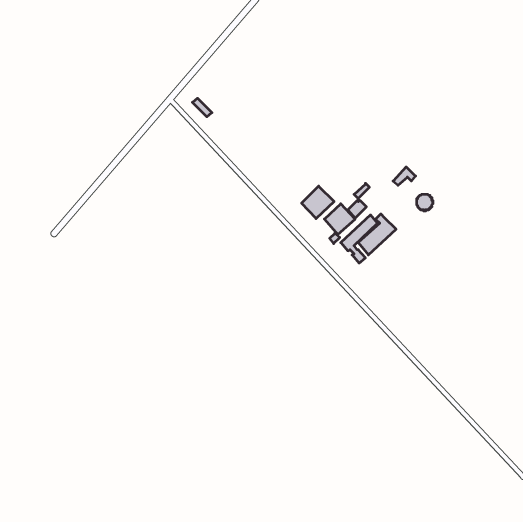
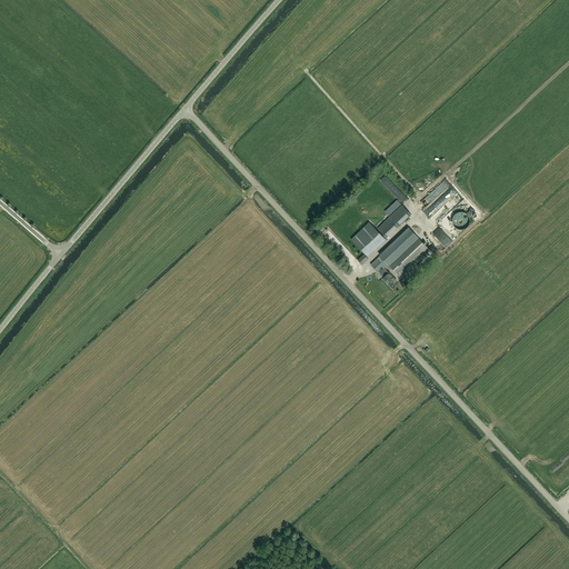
building: [302,186,334,219] -> none

